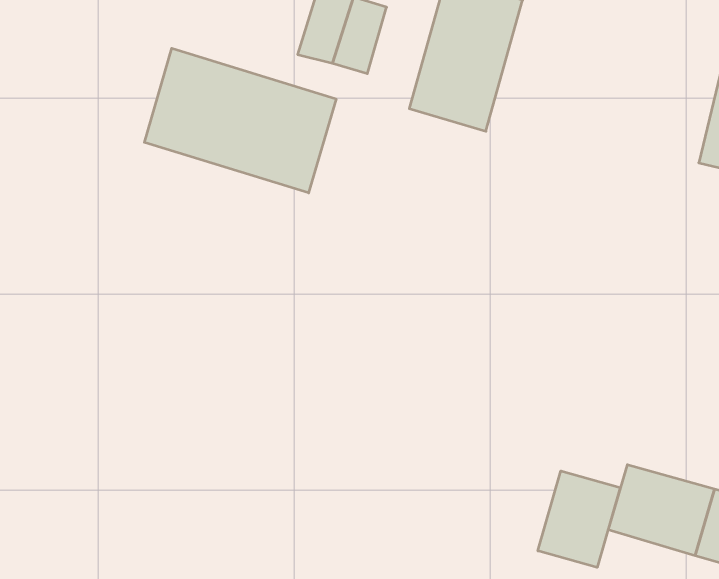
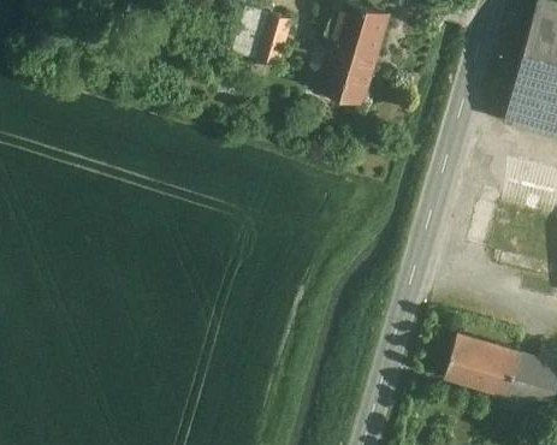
building: [144,48,336,193] -> none
building: [538,471,620,567] -> none

